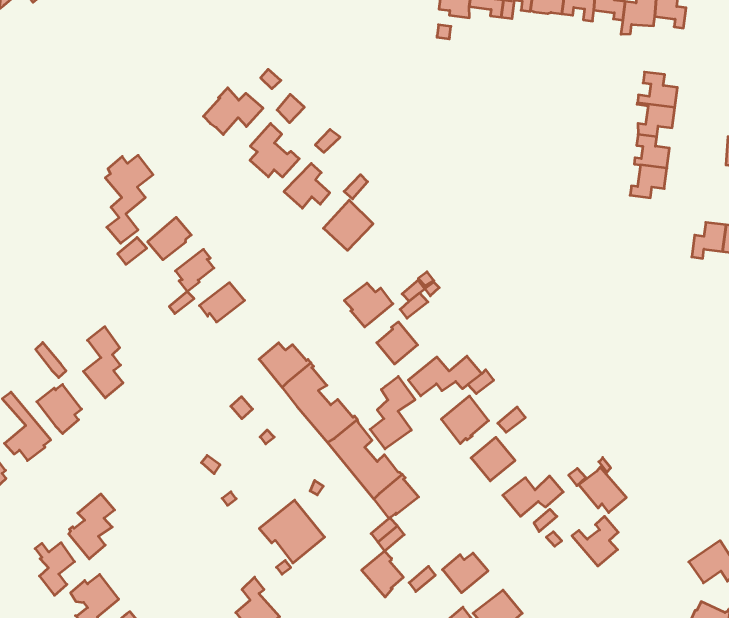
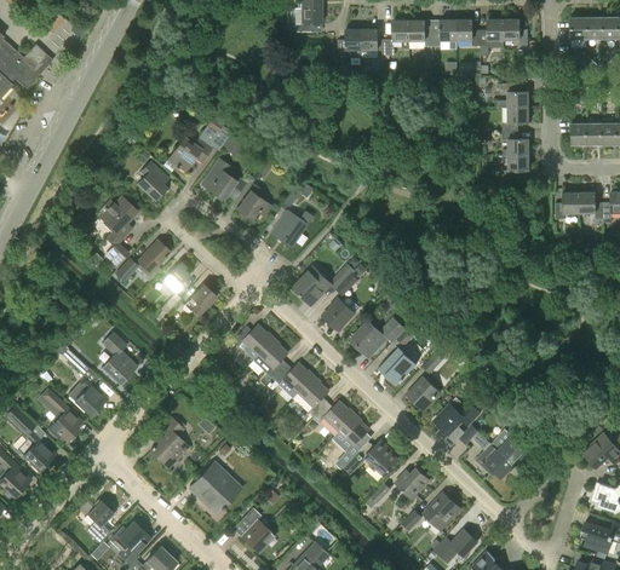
building: none -> [137,161,166,200]
building: [370,376,415,449] -> none
building: [579,467,626,513] -> [476,444,513,478]
building: [69,494,115,559] -> [150,418,183,468]
building: [259,500,325,563] -> [189,462,240,511]
building: [362,551,403,597] -> [364,441,397,476]

